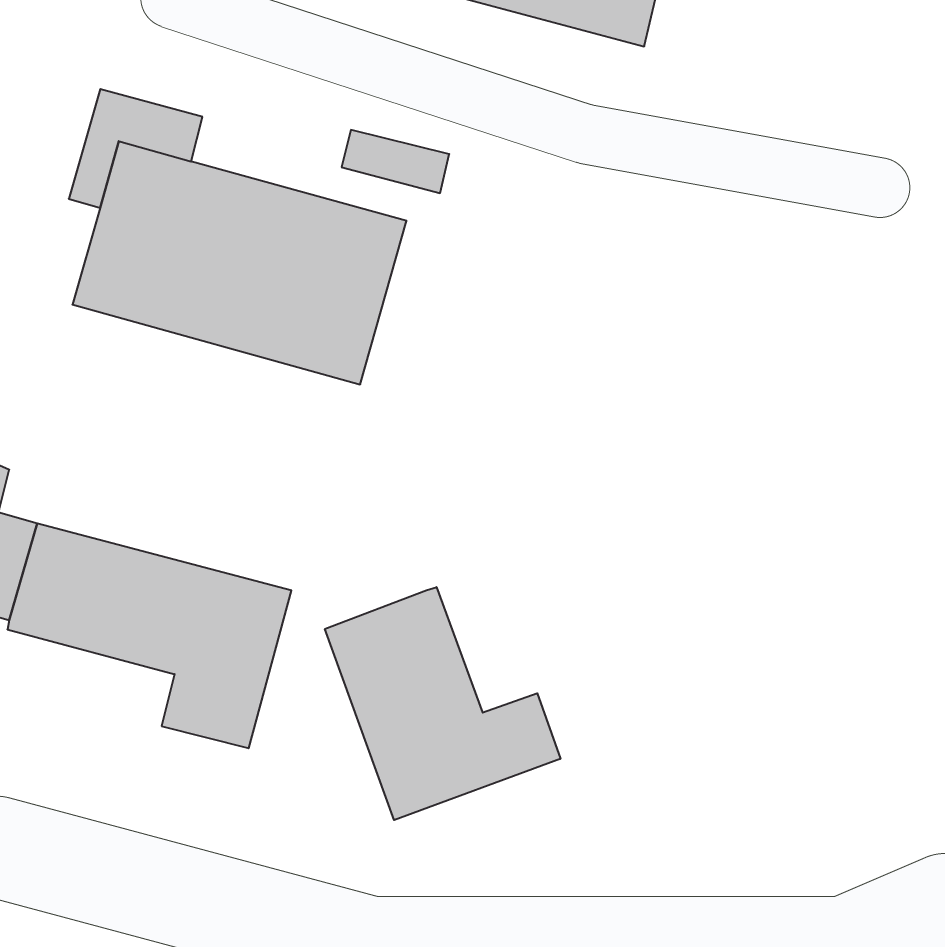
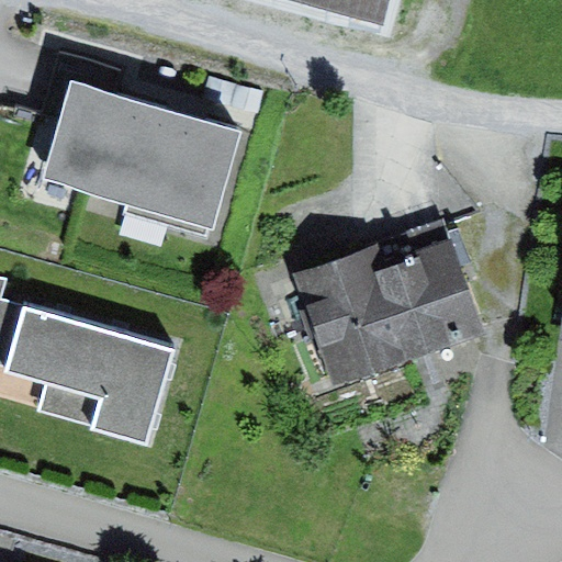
building: none -> [291,221,483,389]
building: [325,587,560,820] -> none

